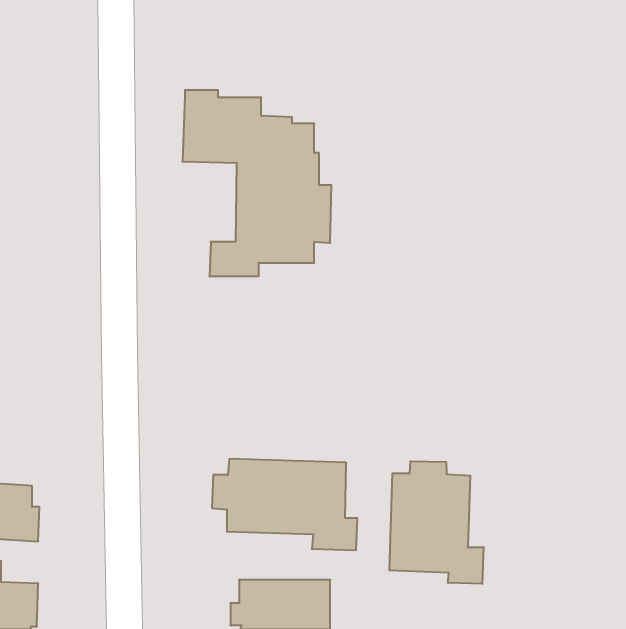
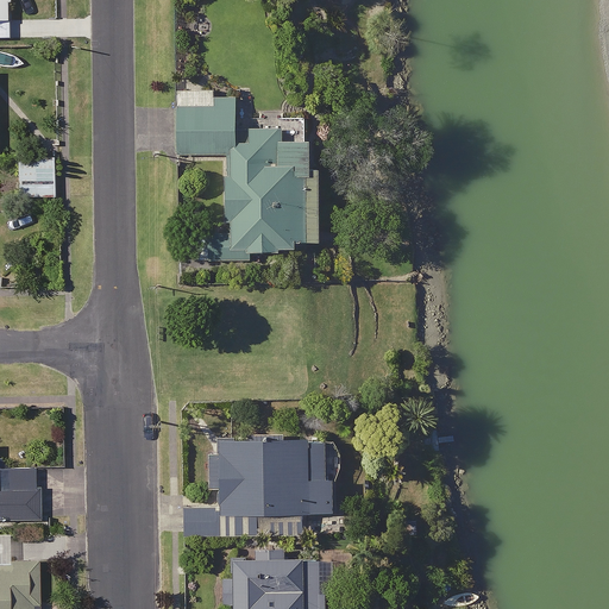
building: none -> [15,156,52,197]
building: [389,461,484,584] -> none

